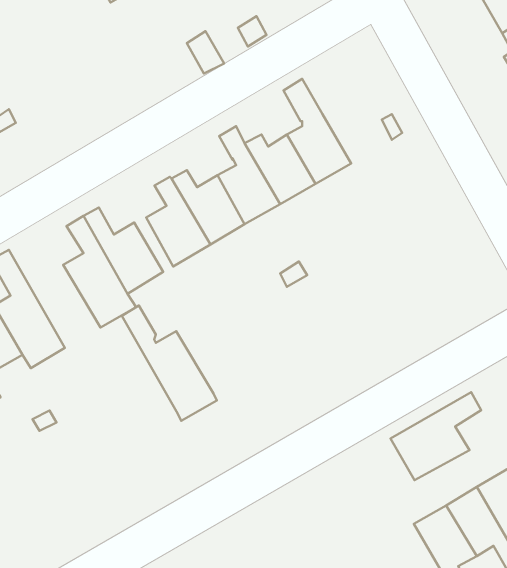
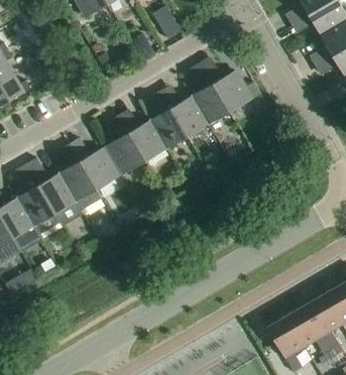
building: none -> [213,71,251,112]
building: [122,306,217,421] -> [26,157,83,226]
building: [391,392,481,480] -> none

